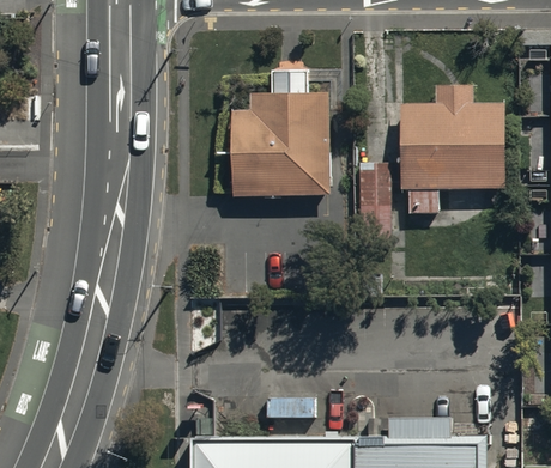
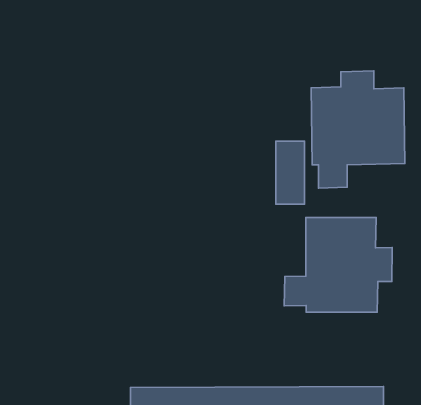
building: [234,71,331,196] -> none
building: none -> [284,217,392,312]

